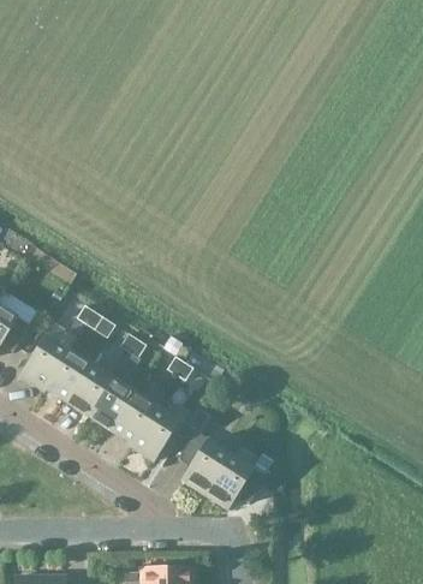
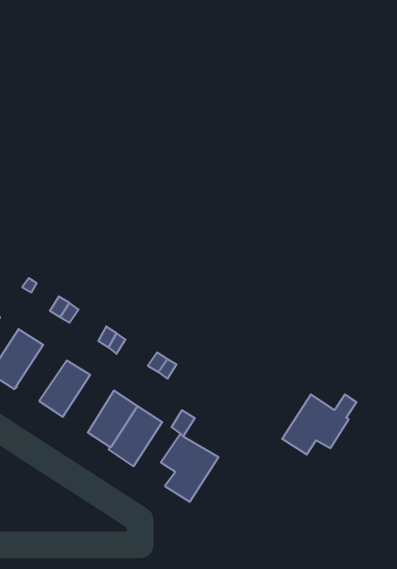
building: [44,348,91,400] -> none
building: [88,376,135,429] -> none
building: [204,452,273,507] -> [282,394,357,455]

